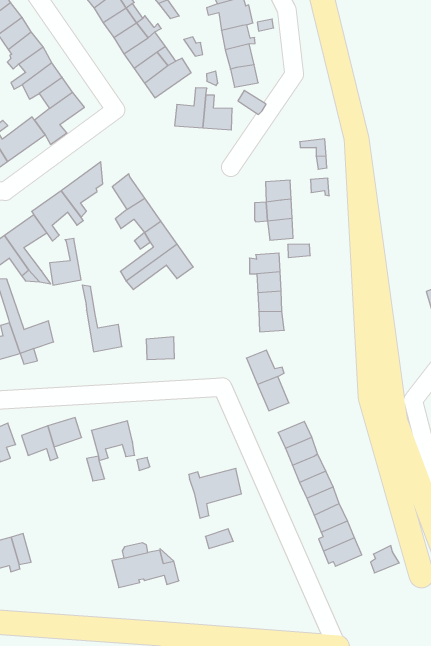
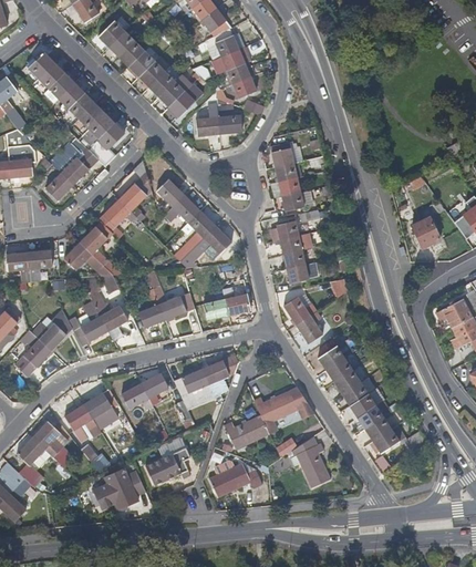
building: none -> [270,140,296,165]
building: [50,238,81,285] -> [138,288,165,327]
building: none -> [223,286,249,313]
building: none -> [200,353,237,383]
building: none -> [226,414,270,449]
building: none -> [145,446,189,483]
building: none -> [289,442,330,487]

